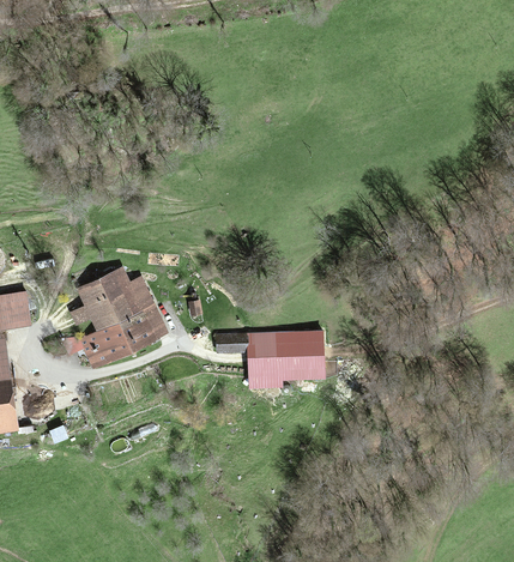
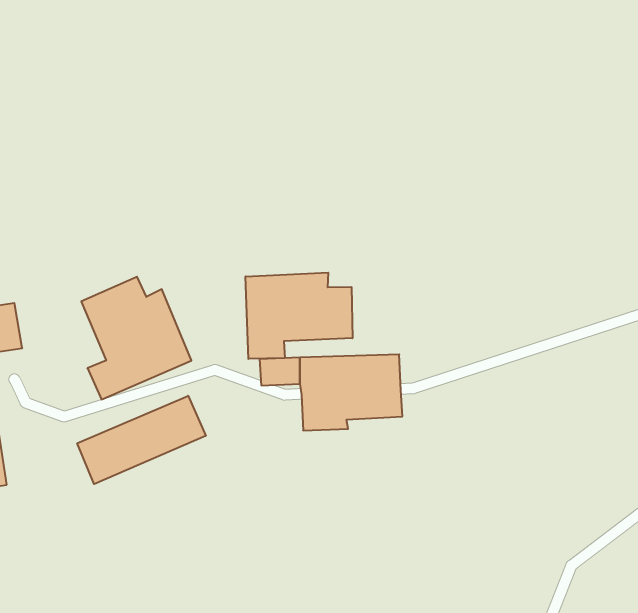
building: none -> [246,273,352,359]
building: none -> [77,396,206,484]

